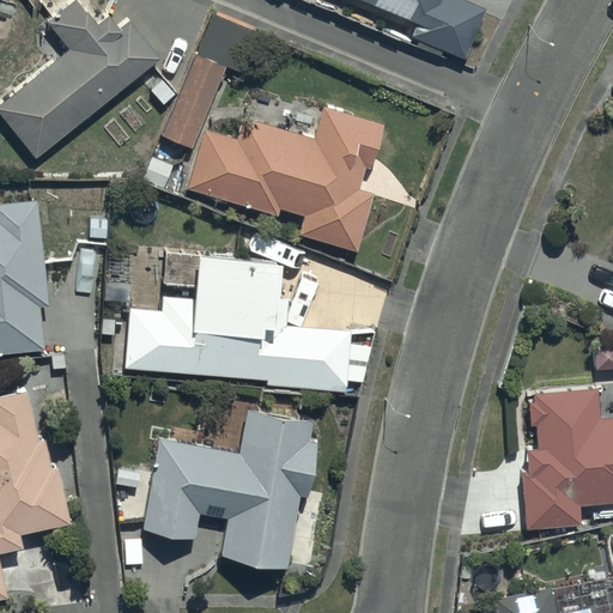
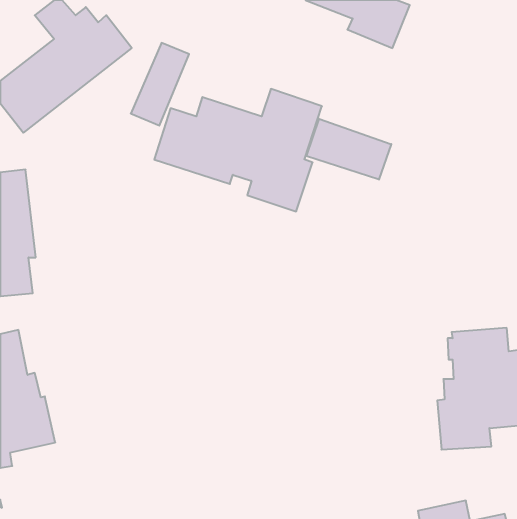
building: none -> [307,119,391,180]
building: [122,251,350,392] -> none
building: [139,411,317,569] -> none

